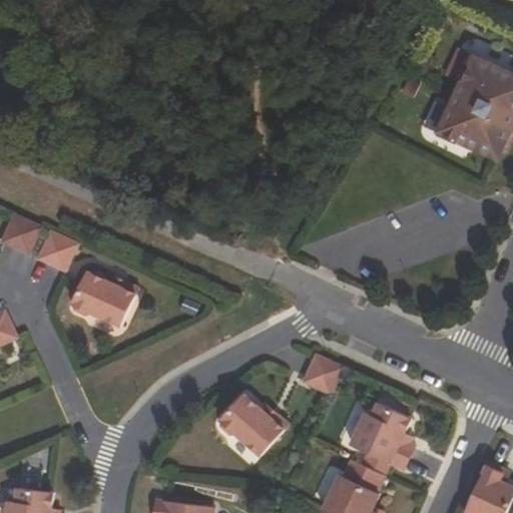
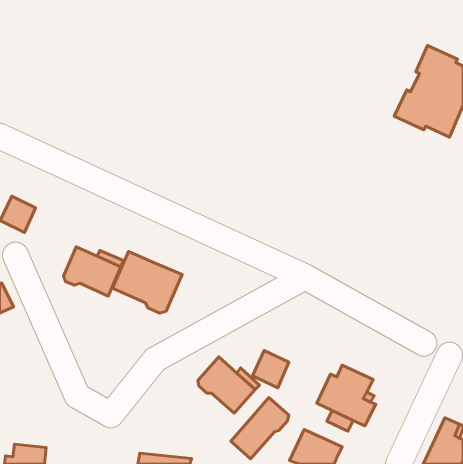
building: [37,233,76,273] -> none
building: none -> [112,252,182,313]
building: [301,354,341,395] -> [252,350,289,388]
building: none -> [231,398,289,459]

